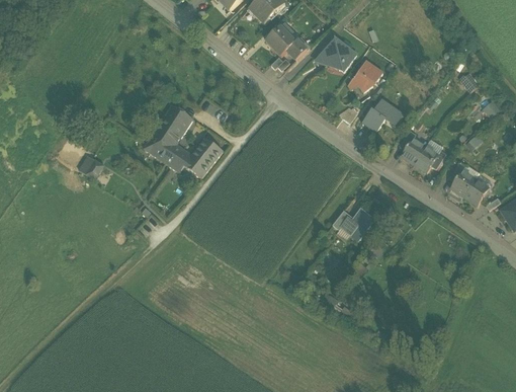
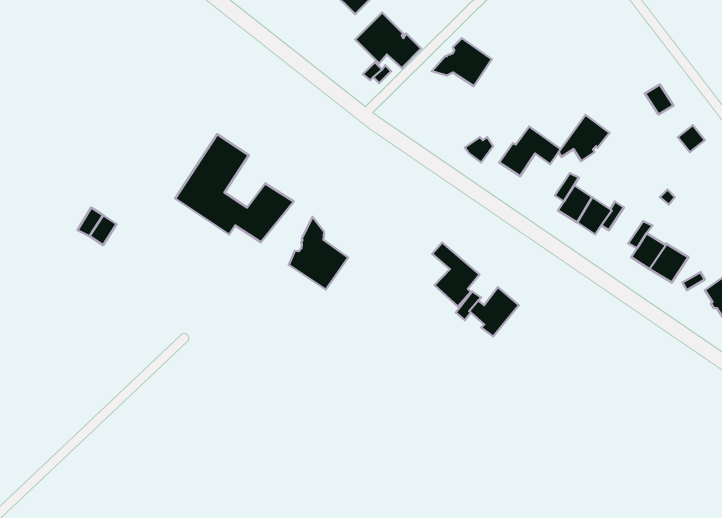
building: [348,60,382,91] -> [558,115,610,161]
building: none -> [289,217,348,289]
building: none -> [432,243,479,306]

